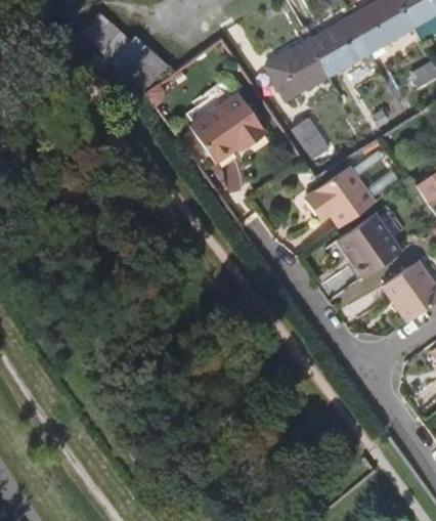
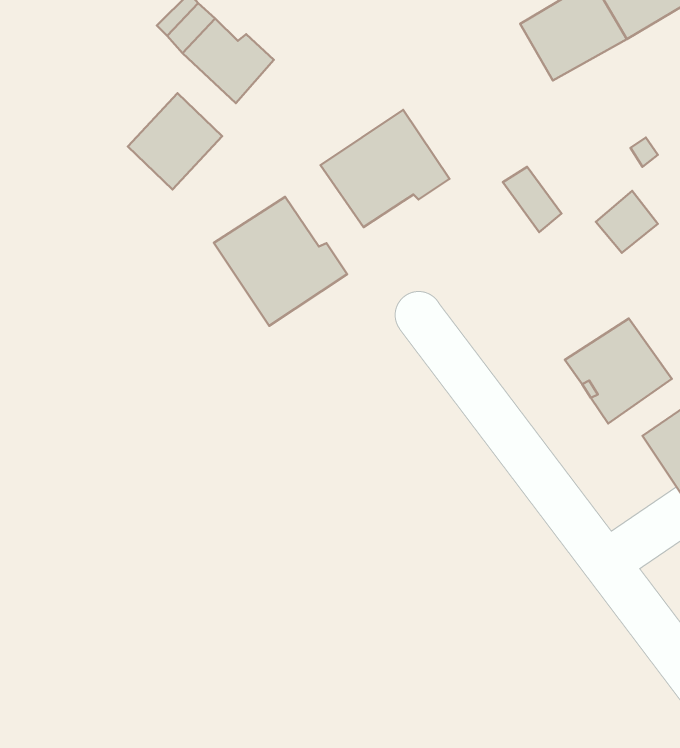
building: [266,41,330,100] -> none
building: none -> [128,93,222,190]
building: none -> [214,197,347,326]
building: [311,168,375,228] -> none

